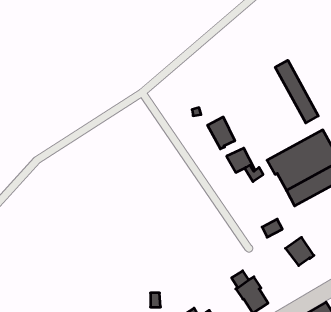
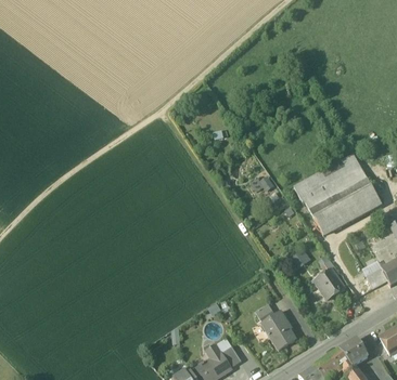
building: [275,60,318,123] -> none
building: [208,117,235,149] -> none

